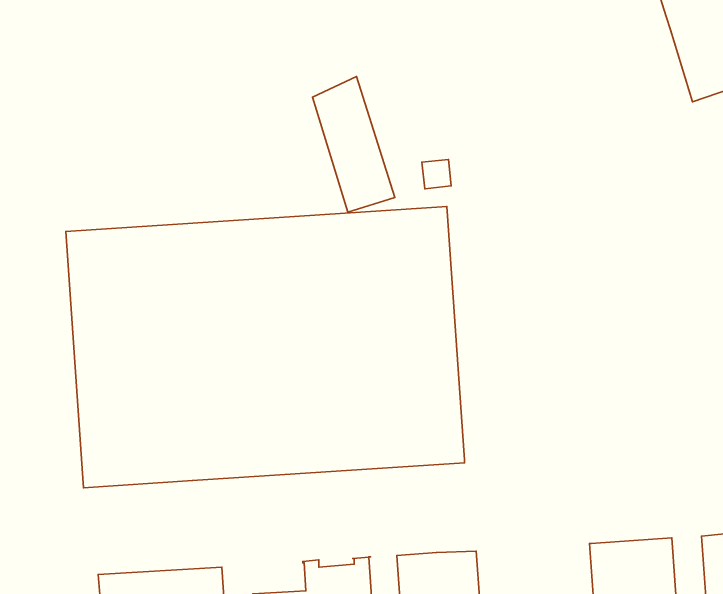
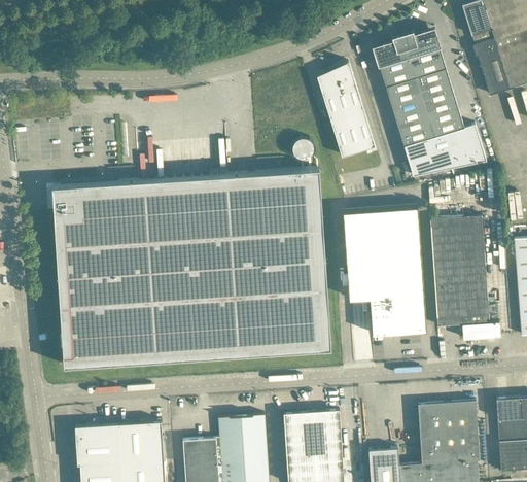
building: none -> [375,31,486,176]
building: [312,77,395,212] -> [317,62,375,157]
building: none -> [343,207,426,335]
building: none -> [430,216,500,339]

